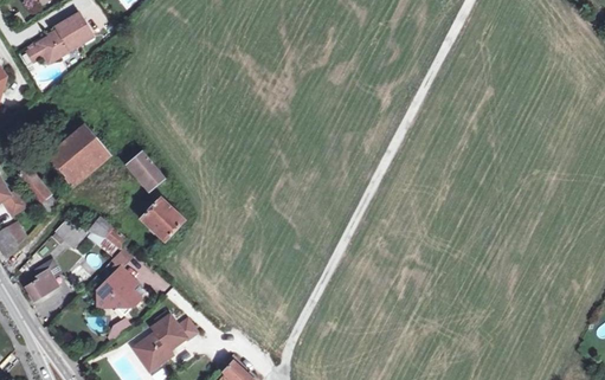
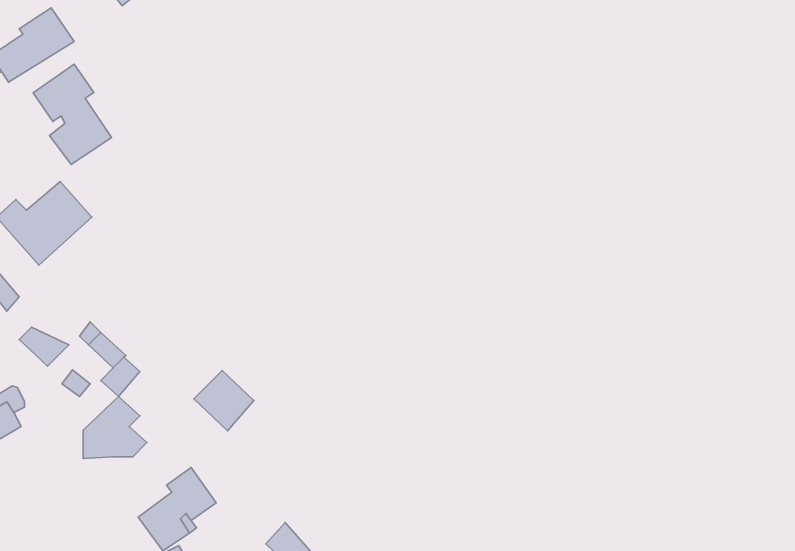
building: none -> [33,64,111,164]
building: [128,152,162,188] -> none
building: [141,199,181,239] -> [194,370,254,431]

